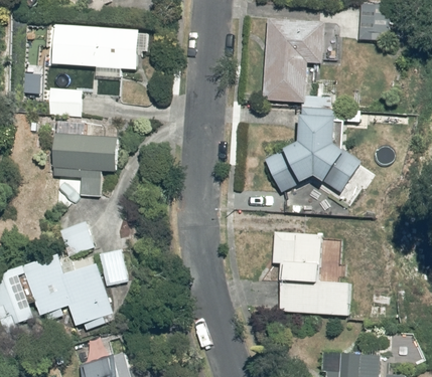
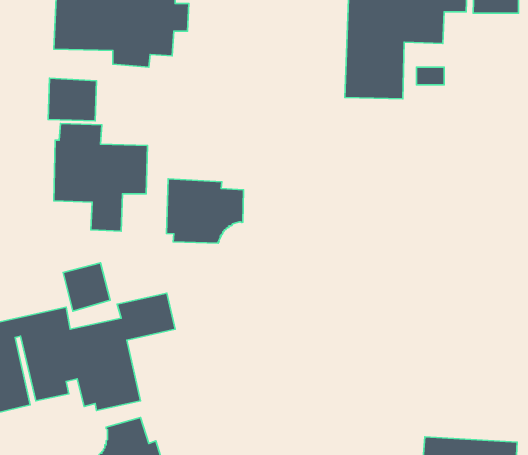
building: [265,121,362,191] -> none
building: none -> [167,179,244,243]
building: [272,231,342,314] -> none

